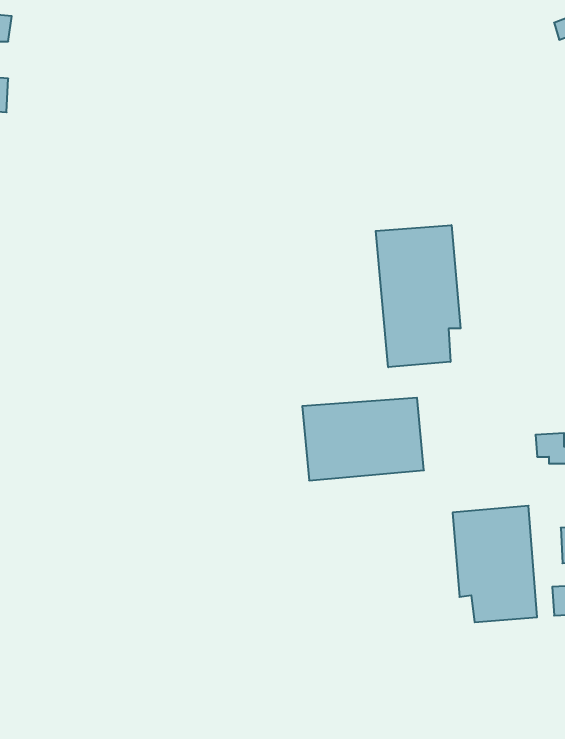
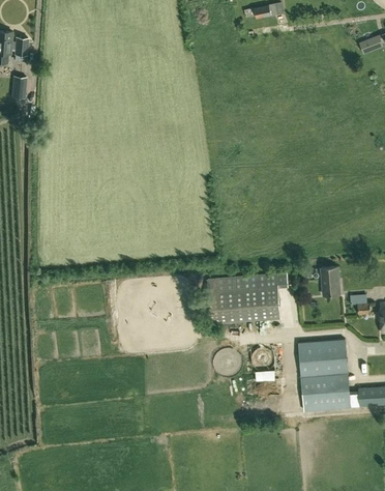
building: [376,225,461,367] -> none
building: none -> [321,267,339,295]

